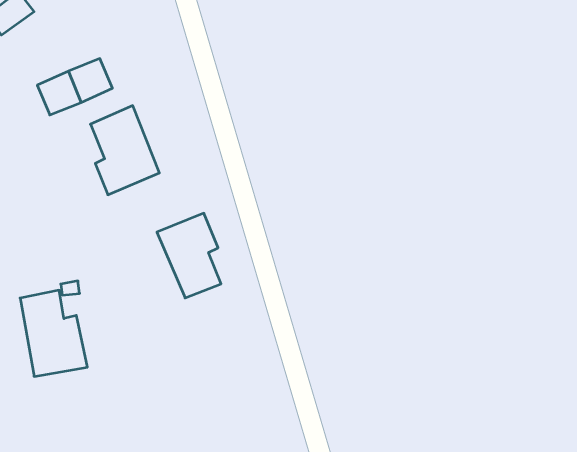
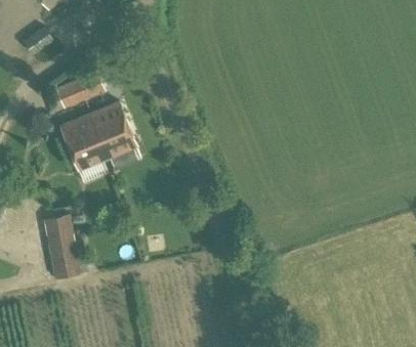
building: [157,213,221,298] -> [59,114,101,169]

